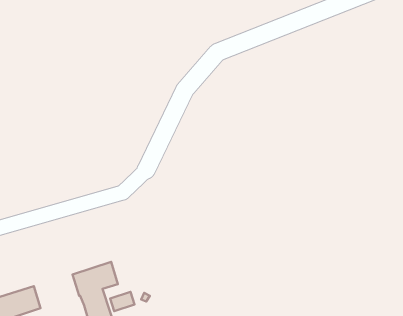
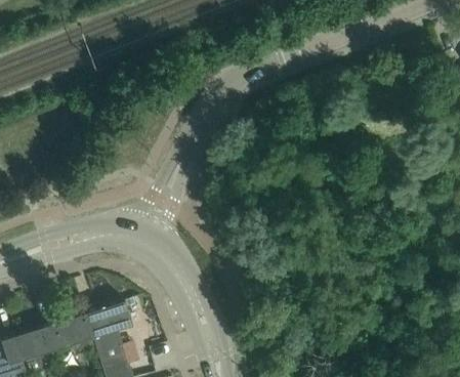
building: none -> [43,315,93,350]

